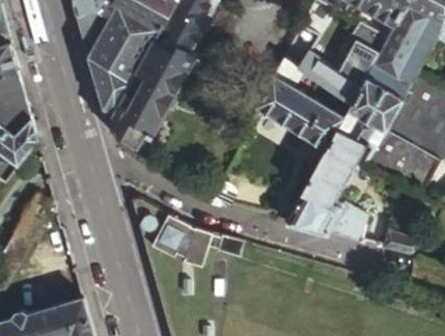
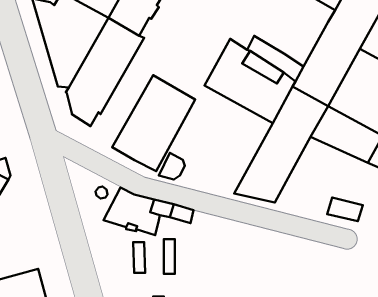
building: [339,27,386,88] -> none
building: none -> [112,75,195,171]
building: [330,200,369,237] -> none

